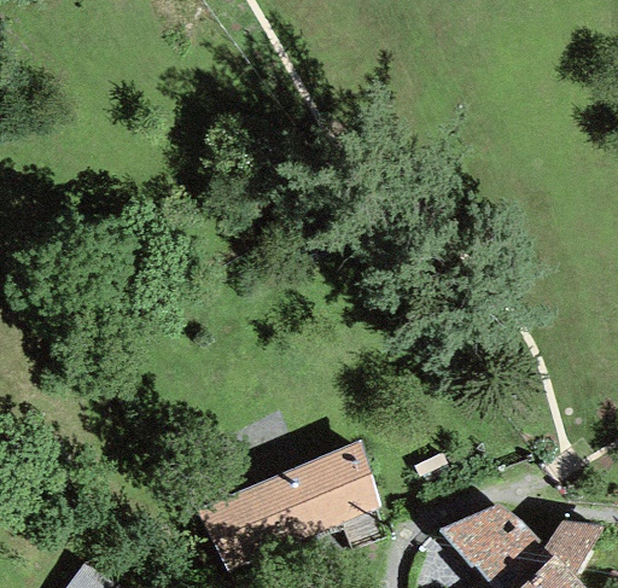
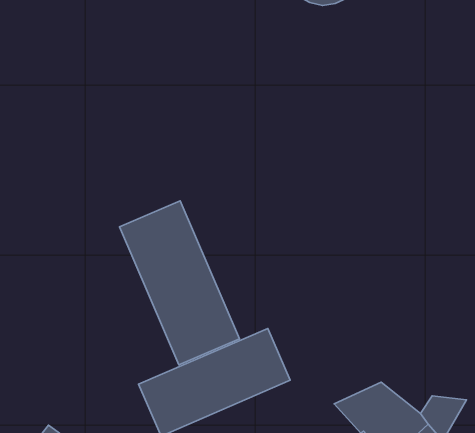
building: none -> [119,201,240,365]

